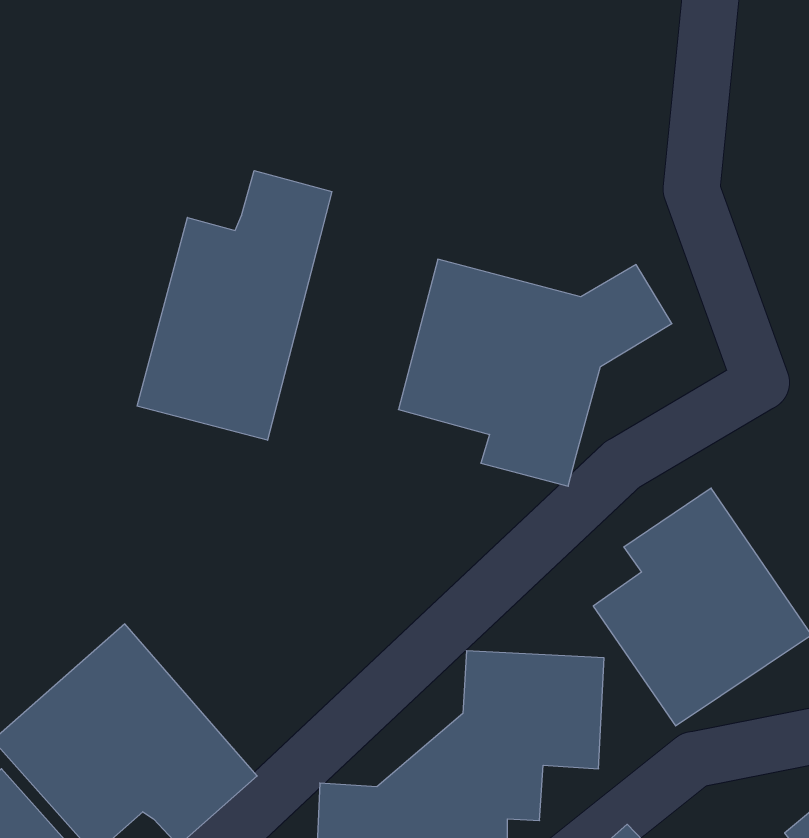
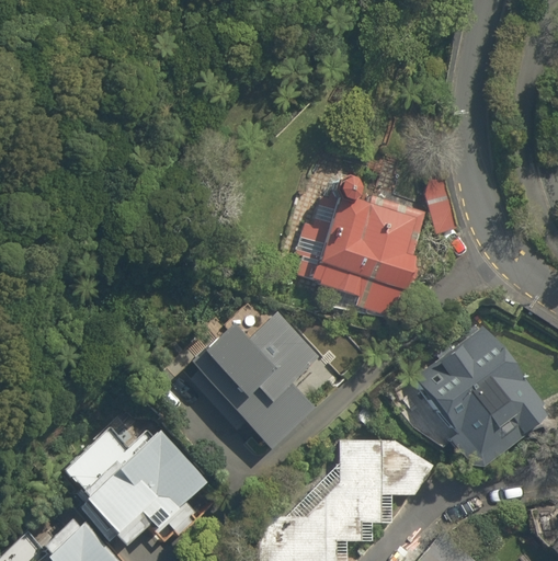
building: [137,171,332,440] -> none
building: none -> [191,311,327,451]

